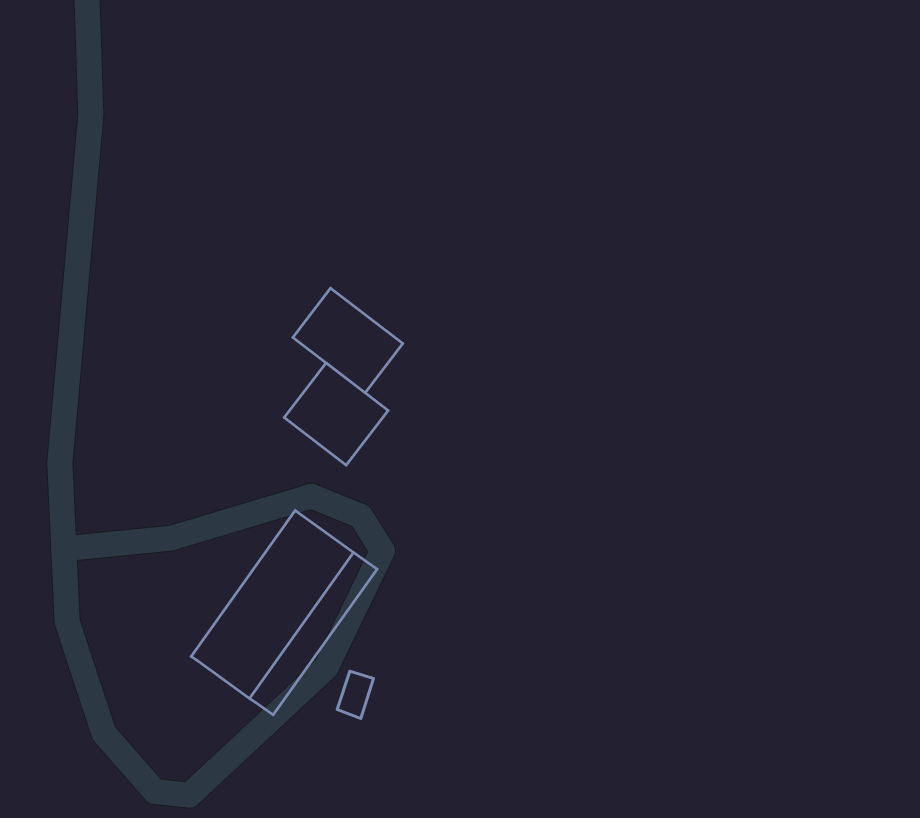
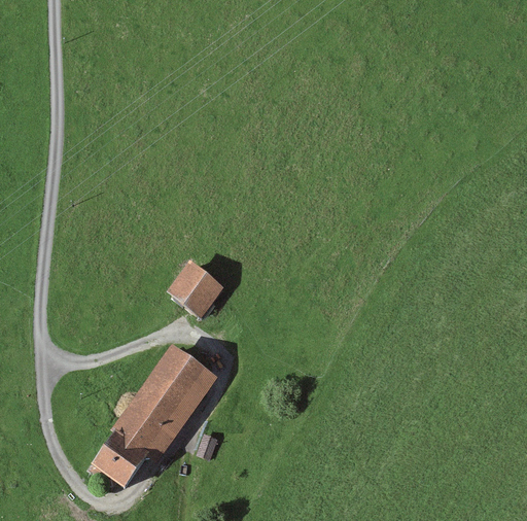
building: [293,288,403,393] -> none
building: none -> [87,427,149,487]

